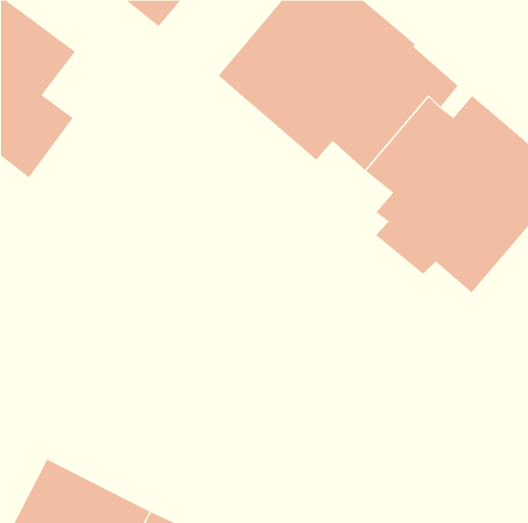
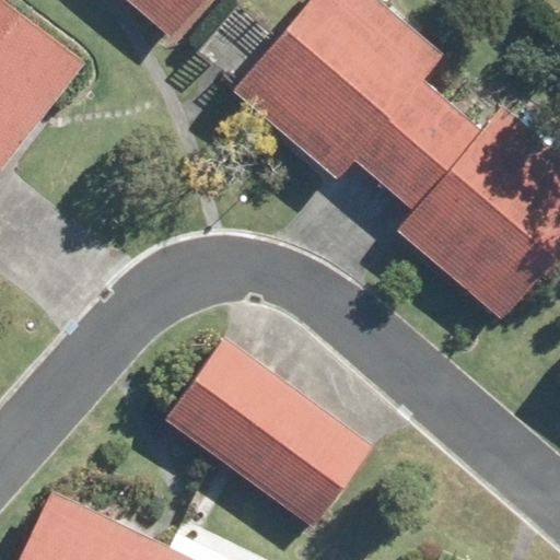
building: none -> [163,337,370,525]

